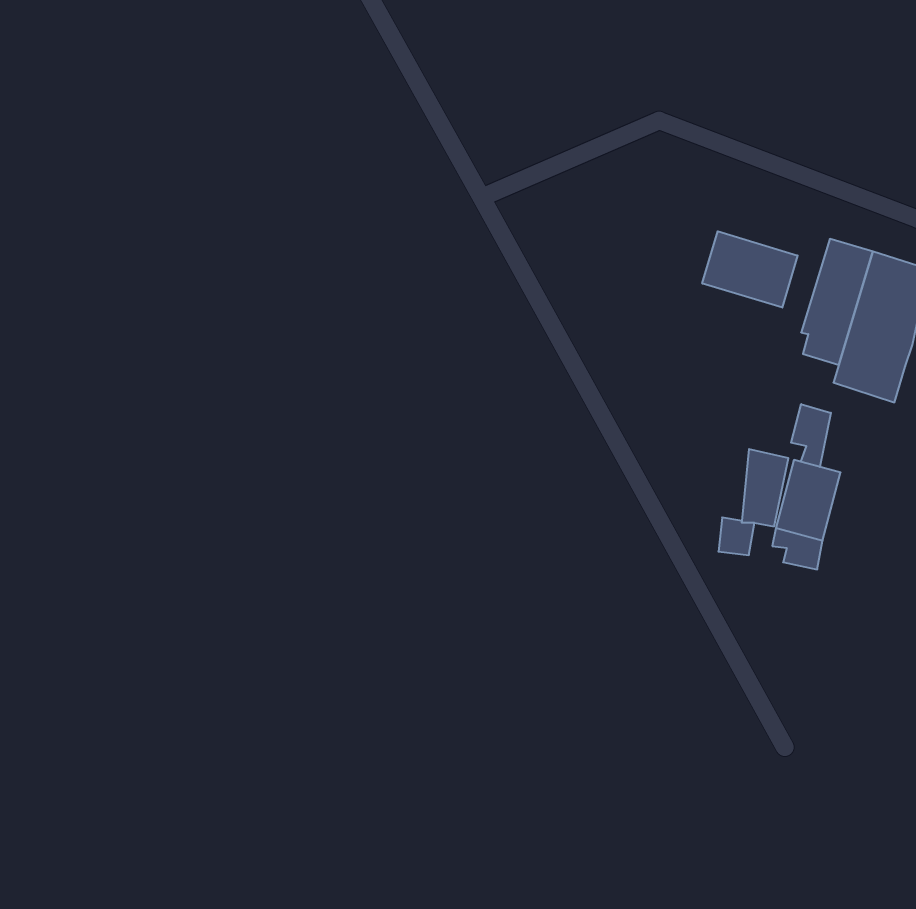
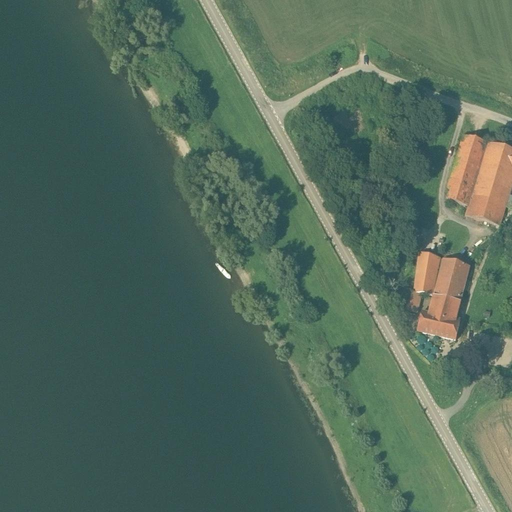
building: [702,231,798,308] -> none
building: [791,404,831,467] -> none
building: none -> [417,309,460,338]

